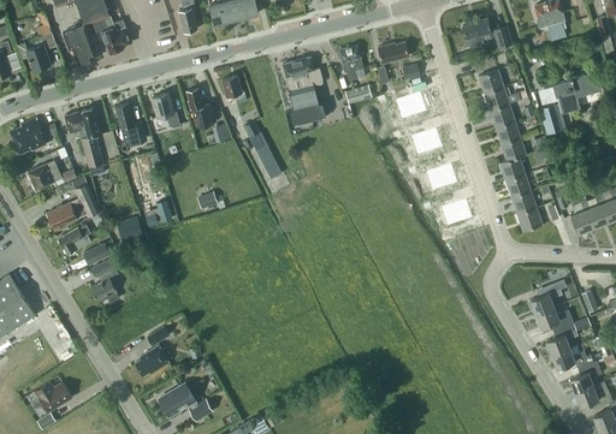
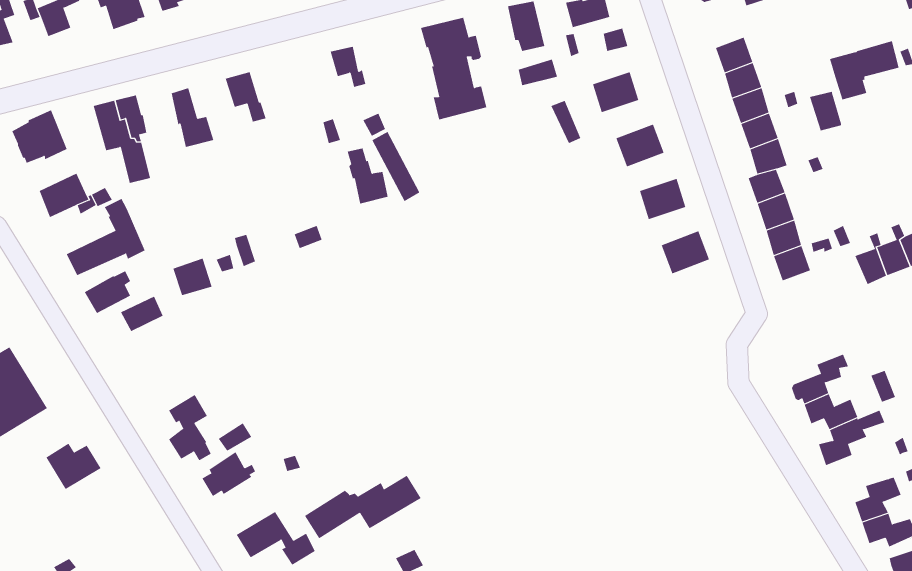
building: [186,89,214,126] -> [347,148,388,204]
building: [90,258,119,303] -> [168,394,212,461]
building: [551,345,593,368] -> none
building: none -> [304,475,422,539]
building: [34,381,71,412] -> [45,443,101,490]

